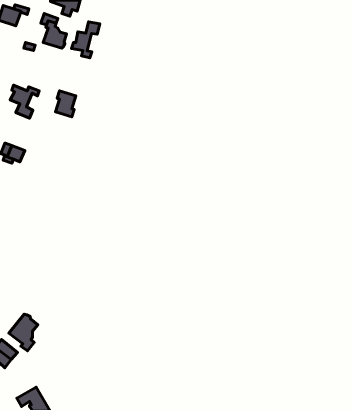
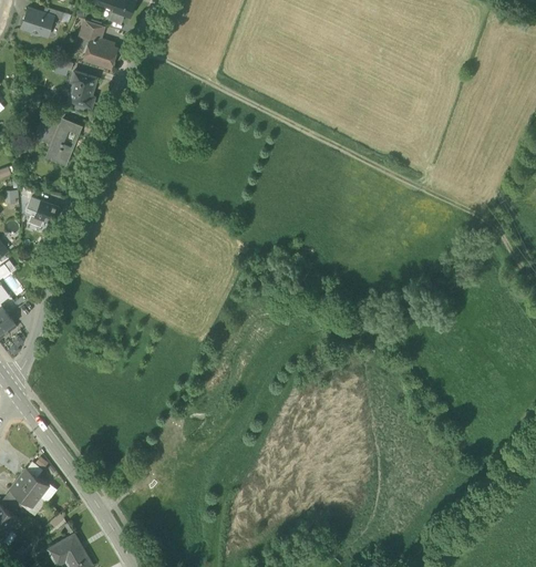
building: [72,22,100,58] -> none
building: [56,91,76,117] -> [69,72,96,107]
building: [9,314,38,351] -> none

